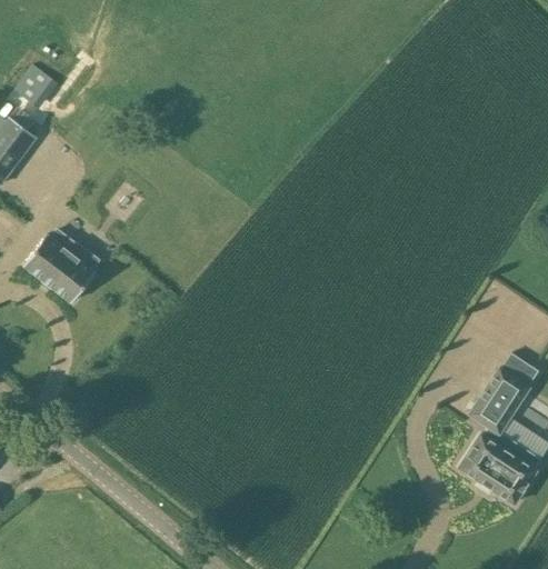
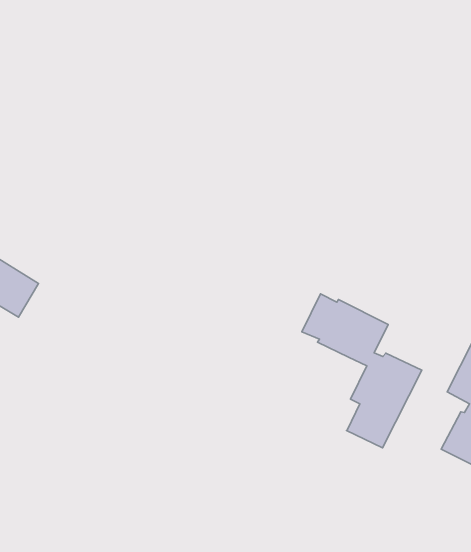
building: none -> [302,294,422,448]

